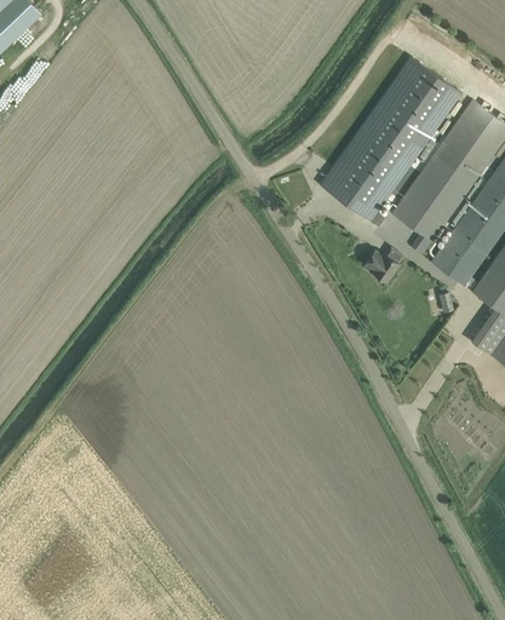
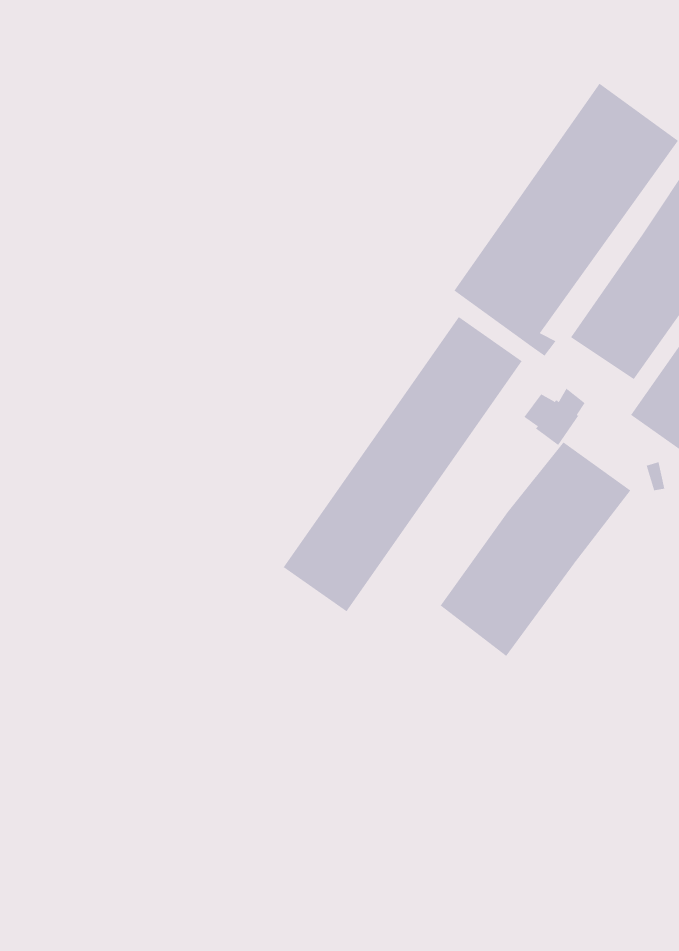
building: none -> [283,316,523,612]
building: none -> [440,441,631,657]

